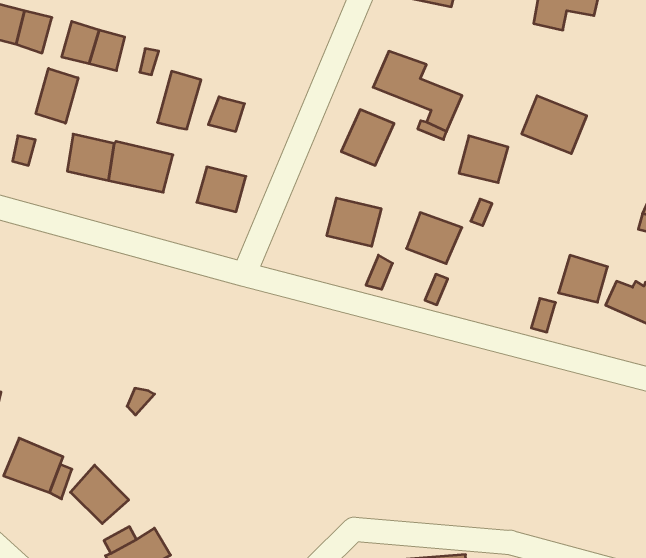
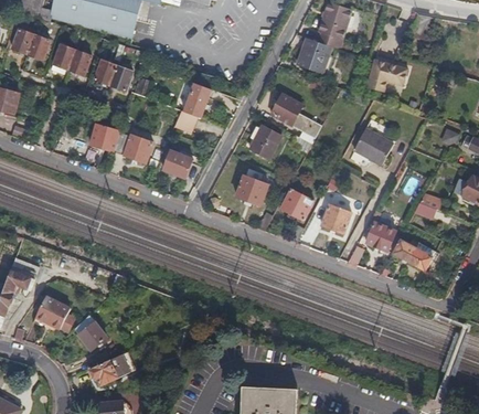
building: [36,68,78,123] -> none
building: [157,71,201,129] -> [183,83,211,117]
building: [459,136,508,183] -> [321,204,351,233]

